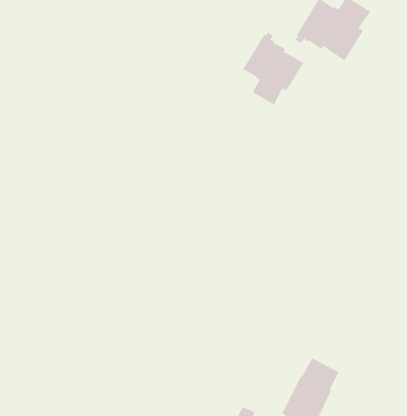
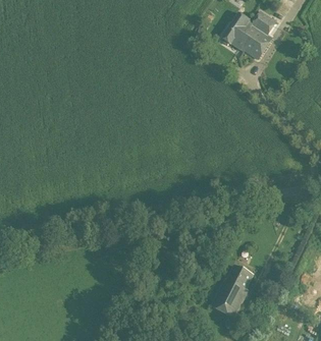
building: [243,31,304,105] -> none

